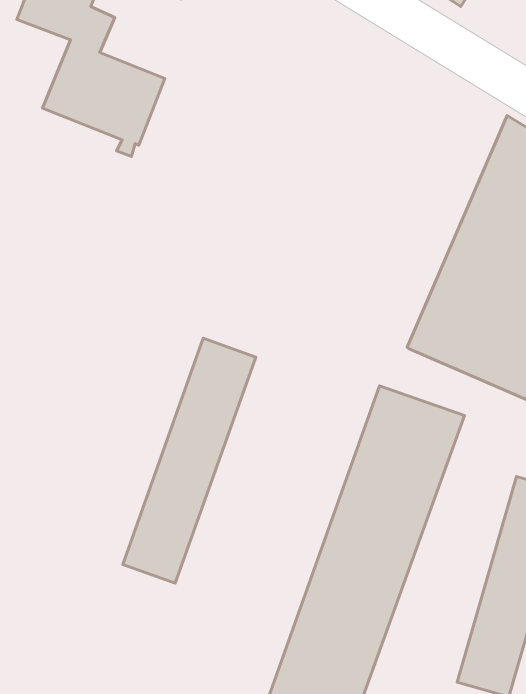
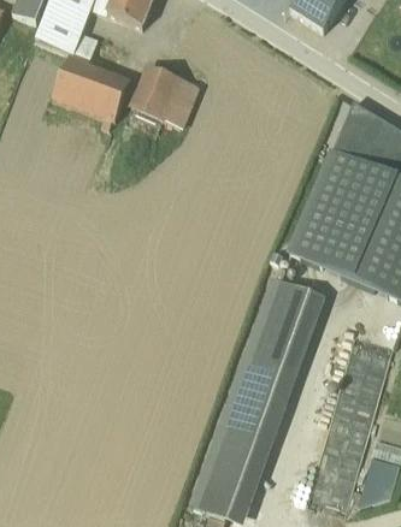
building: none -> [129,65,199,126]
building: [123,338,256,583] -> none

